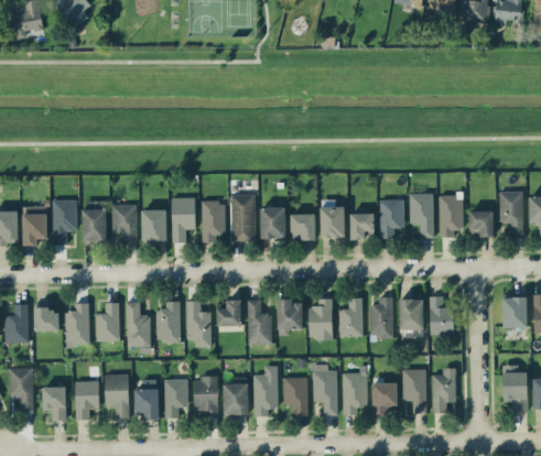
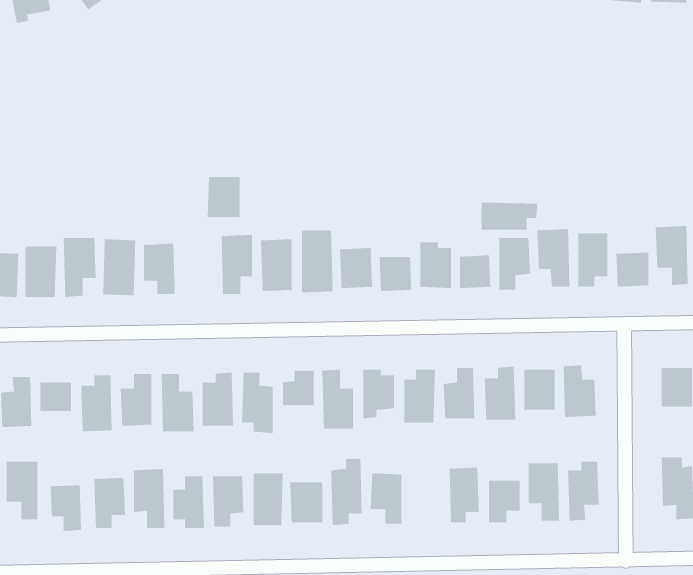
building: none -> [481,202,538,231]
building: [141,209,166,240] -> [207,176,240,217]
building: [312,363,337,415] -> none

